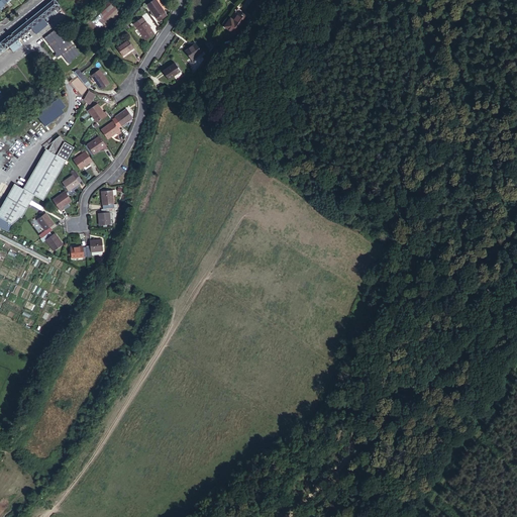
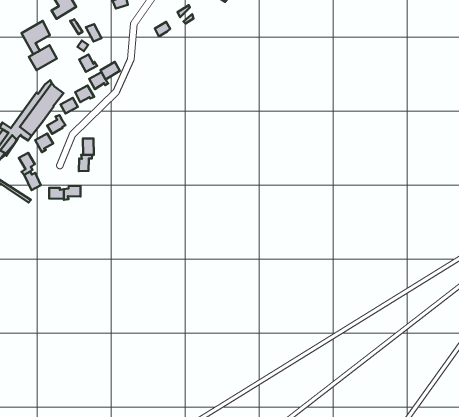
building: none -> [21,21,50,54]

